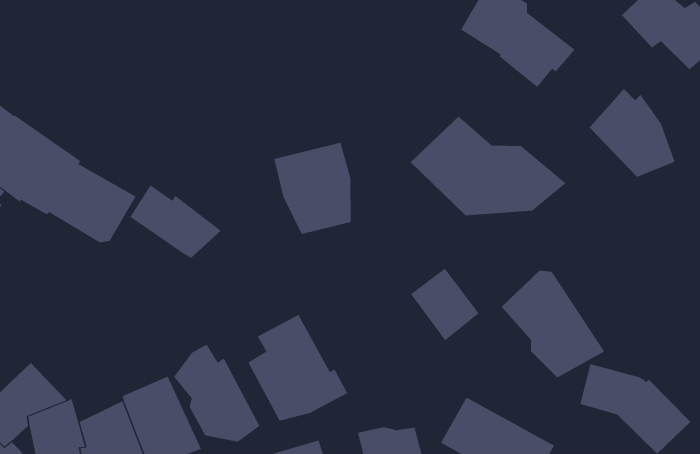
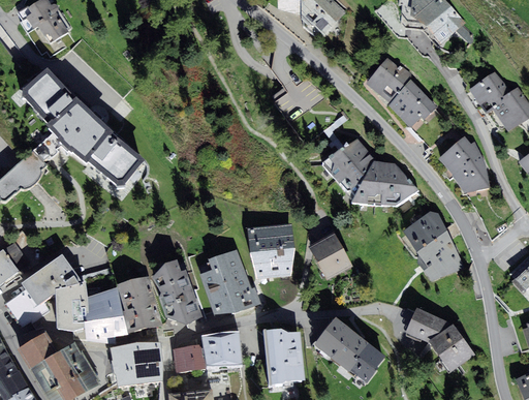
building: [274,142,351,234] -> [247,224,294,279]
building: [130,184,222,259] -> none
building: [501,270,605,378] -> [402,211,464,281]

